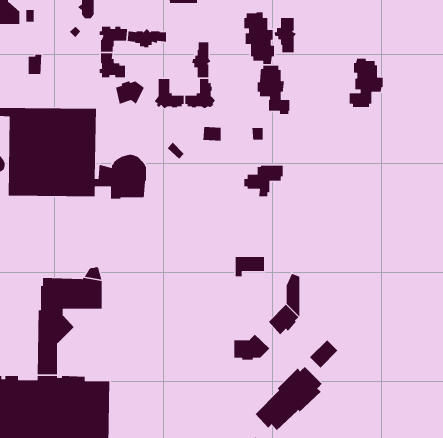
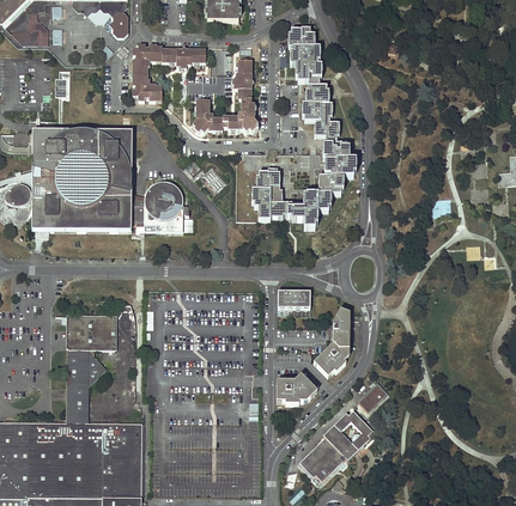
building: [274,17,297,53] -> none
building: [349,58,383,108] -> [317,140,354,194]
building: [115,80,145,105] -> none
building: none -> [250,169,291,220]

